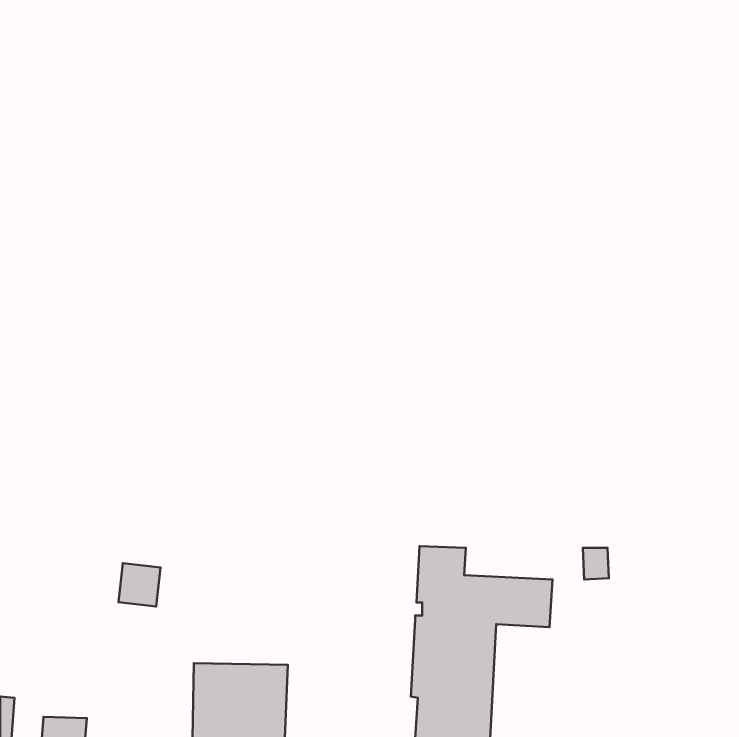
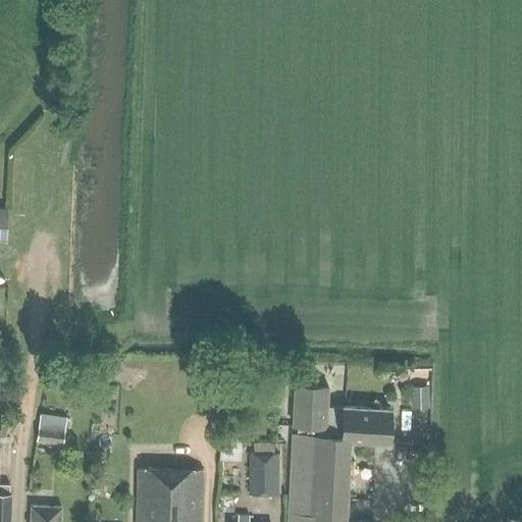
building: [119,563,160,607] -> [38,415,67,446]
building: none -> [250,443,281,497]

